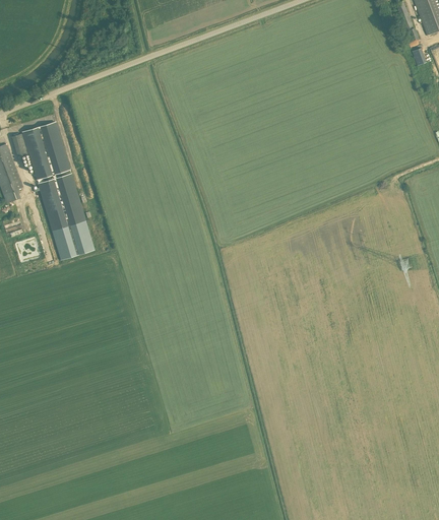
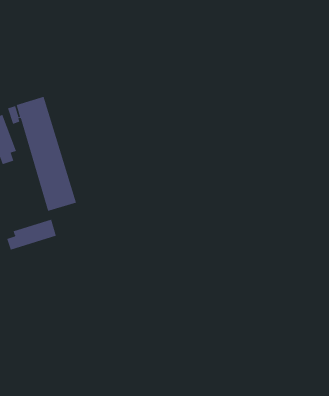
building: none -> [7,219,56,250]

